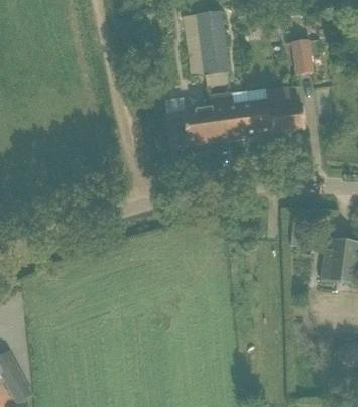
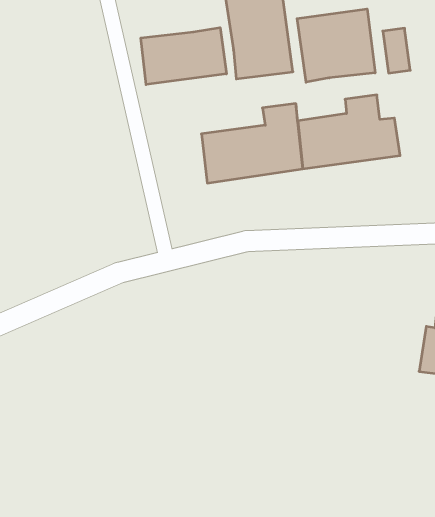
building: none -> [297,9,375,82]
building: none -> [141,28,226,85]

